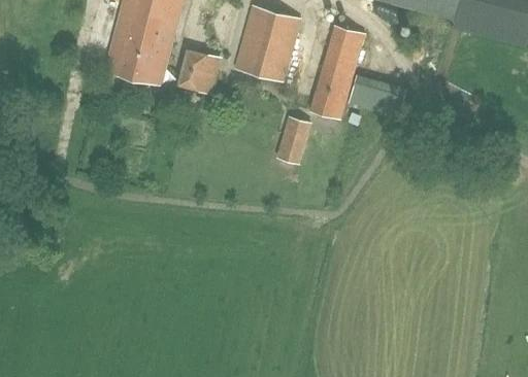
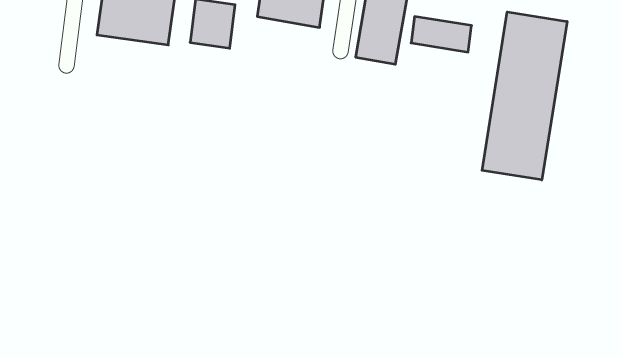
building: none -> [482,12,567,180]
building: [275,116,310,163] -> none

